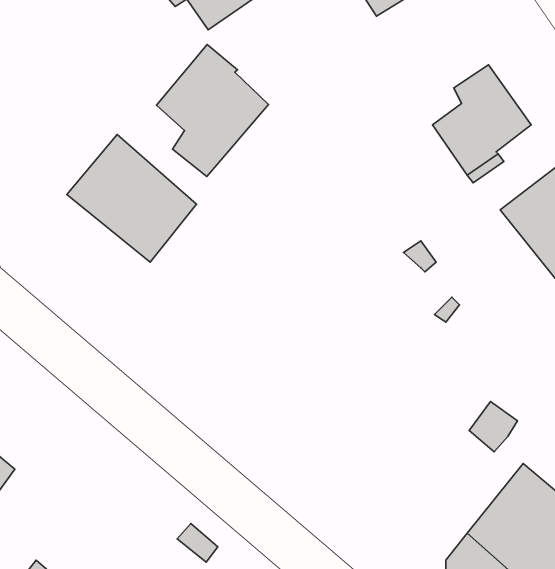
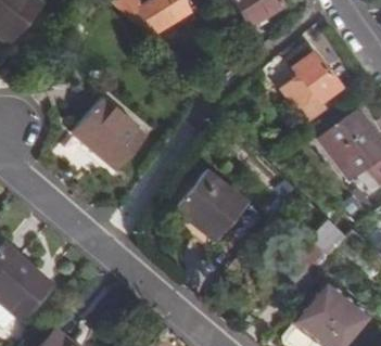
building: [156,45,268,177] -> none
building: none -> [179,175,249,241]

